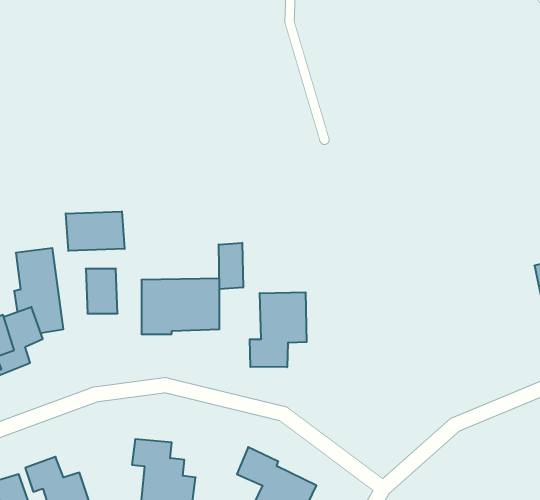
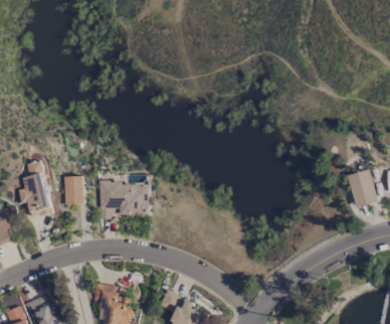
building: [66,211,125,251] -> none
building: [219,243,243,289] -> none
building: [250,292,307,367] -> none

